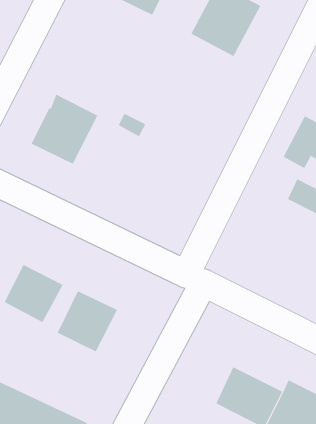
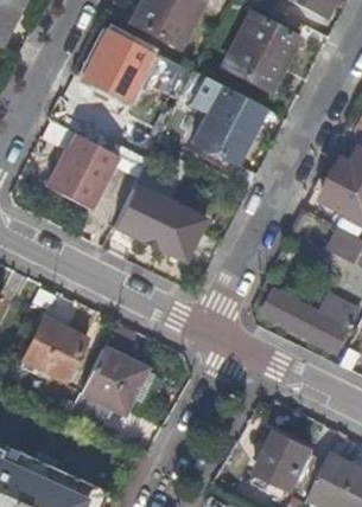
building: none -> [87,39,147,100]
building: none -> [185,77,263,166]
building: none -> [112,182,204,263]
building: none -> [261,290,354,352]

